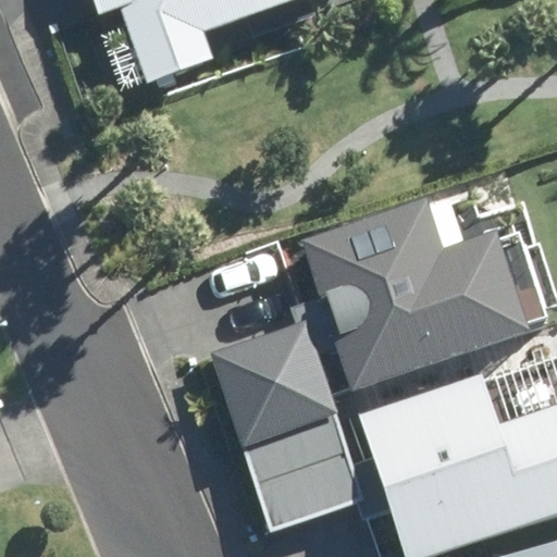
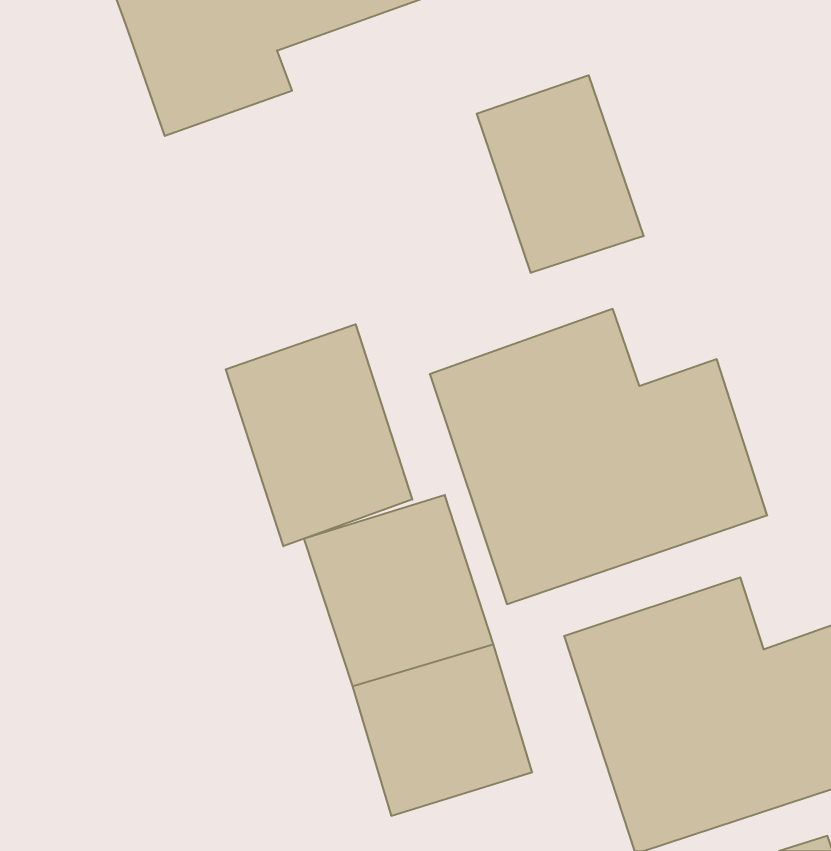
building: none -> [477,75,644,273]
building: none -> [226,324,412,546]

